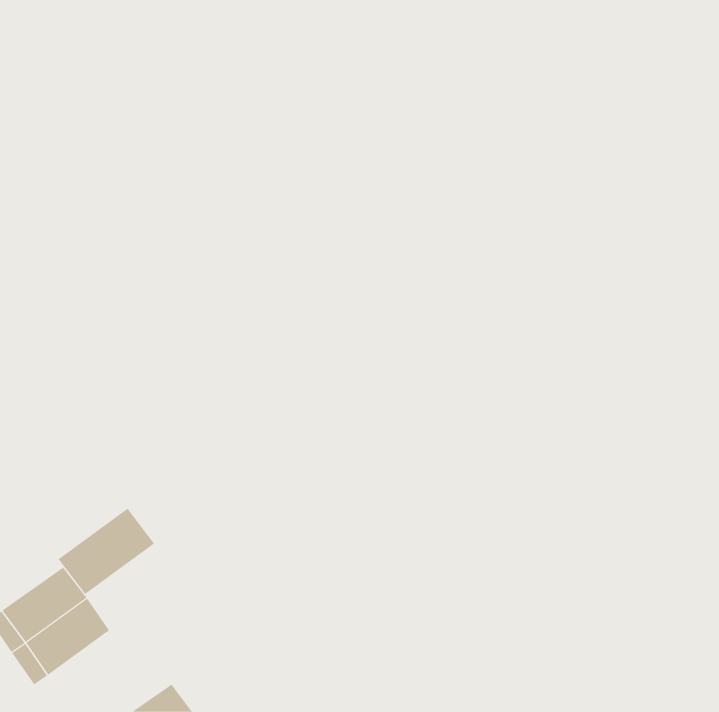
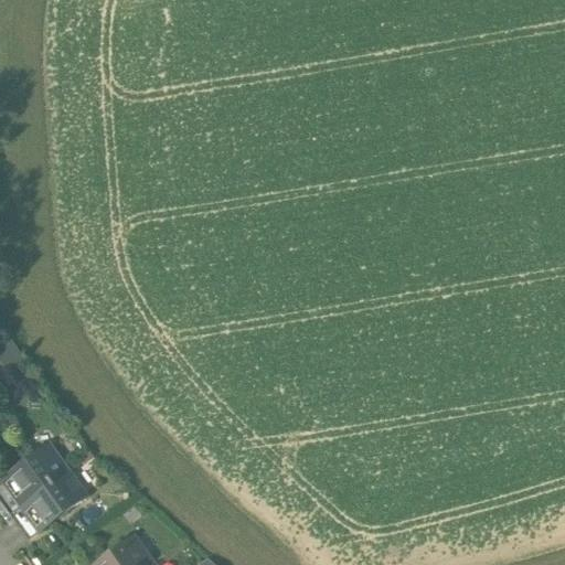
building: [58,508,155,595] -> none

